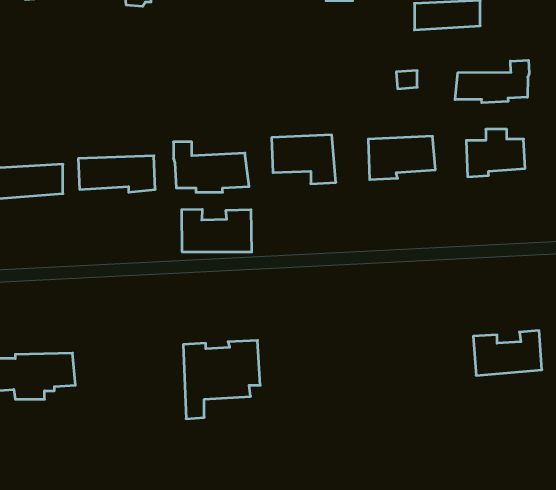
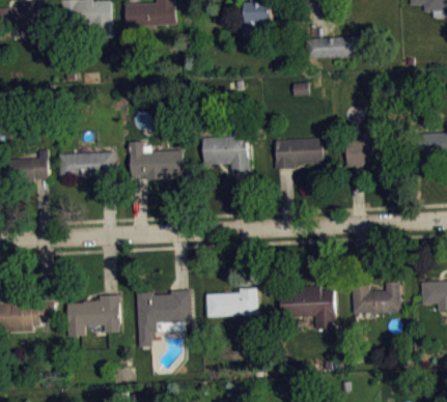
building: [455,60,529,103] -> none
building: [182,209,252,252] -> none
building: none -> [279,285,335,327]
building: none -> [205,286,258,315]
building: none -> [66,294,120,336]

